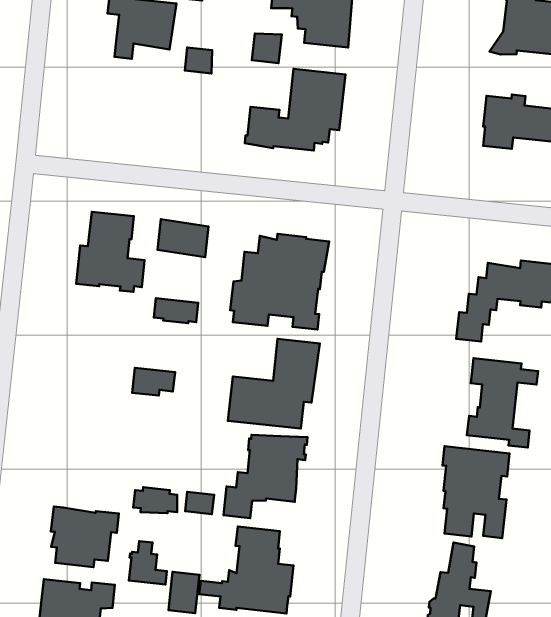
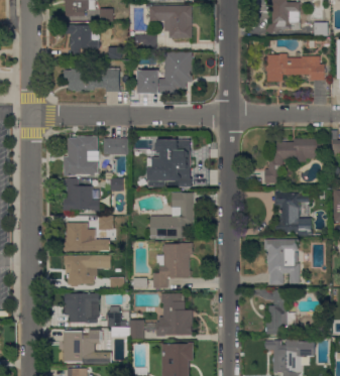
building: none -> [64,66,119,91]
building: none -> [64,178,100,215]
building: none -> [63,223,109,250]
building: none -> [64,255,98,285]

